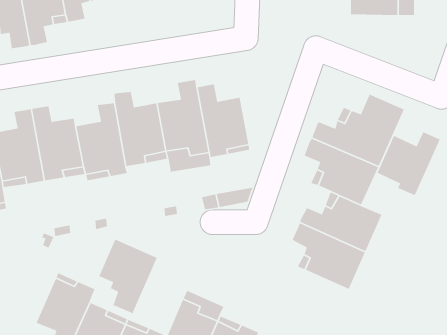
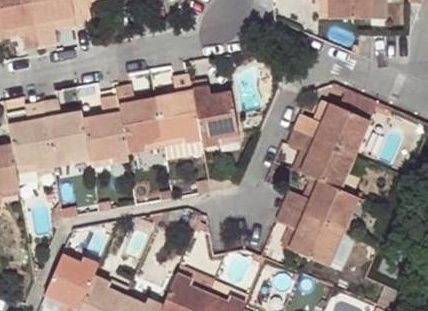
building: [376,131,441,196] -> none
building: [98,238,158,314] -> none

